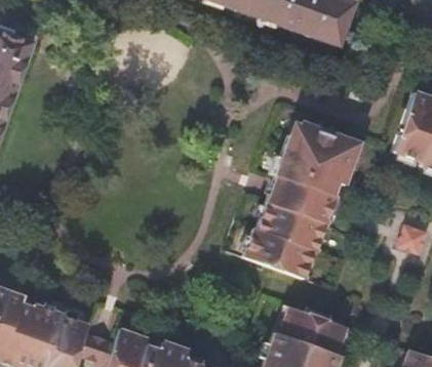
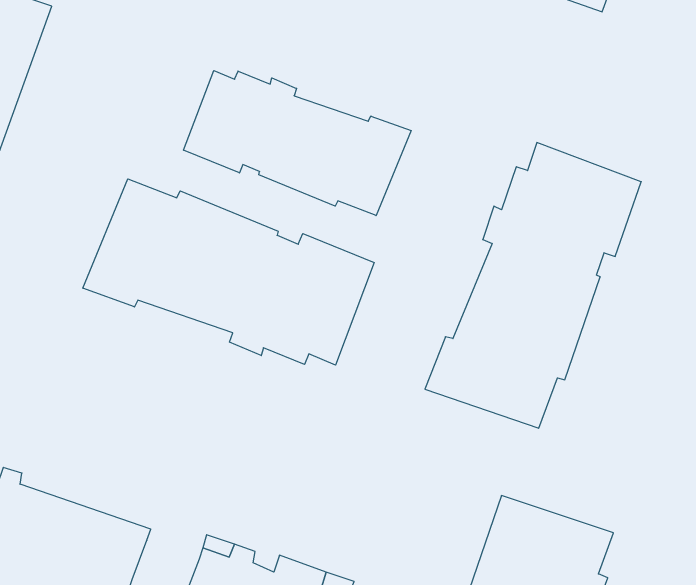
building: none -> [184,71,411,216]
building: none -> [83,179,374,365]

